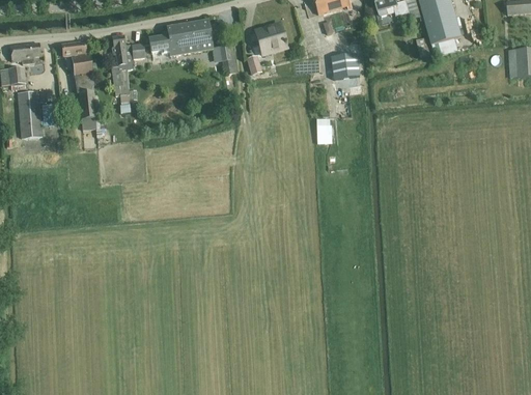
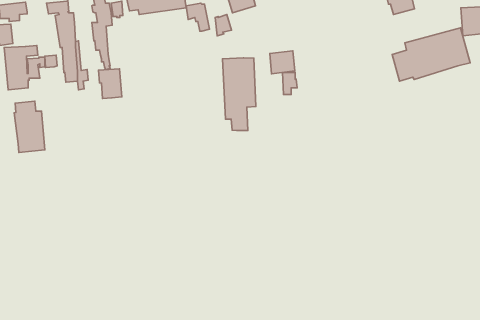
building: [333,52,360,77] -> [270,51,295,74]
building: none -> [392,28,470,81]
building: none -> [222,58,256,131]
building: none -> [98,69,122,99]
building: none -> [14,101,45,152]

